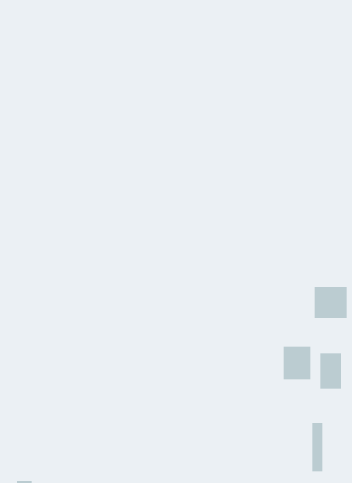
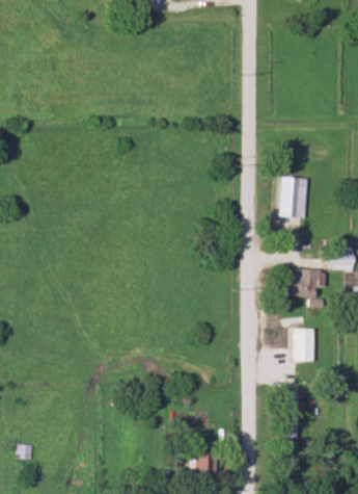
building: none -> [281,177,307,217]
building: [283,346,311,380] -> none

